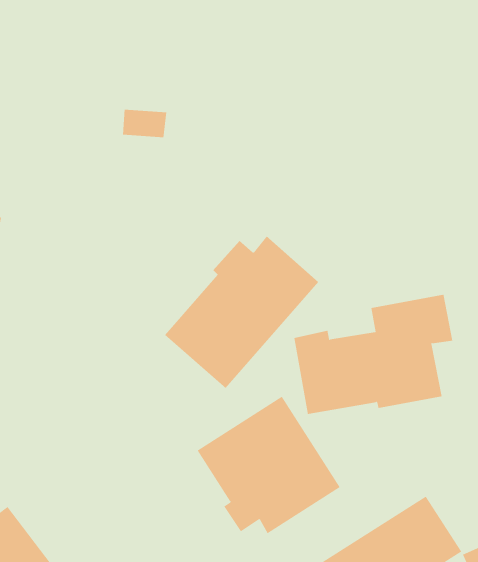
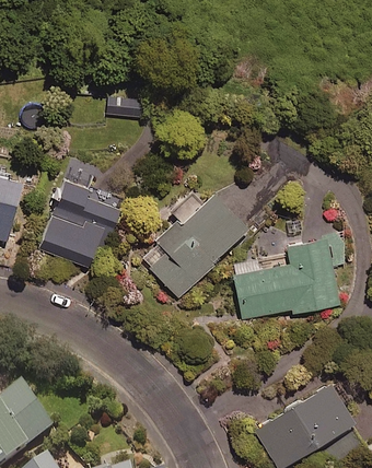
building: none -> [36,177,119,266]
building: [197,396,340,534] -> none

